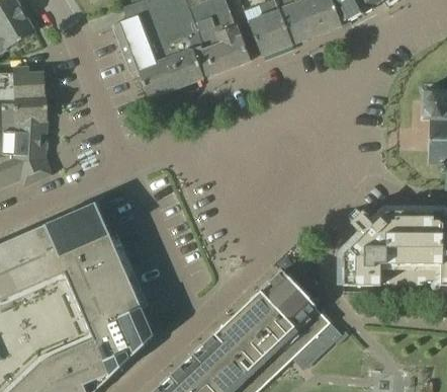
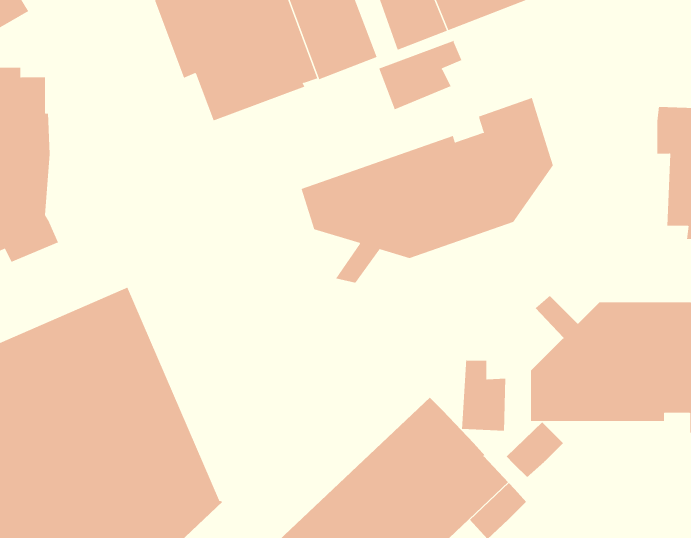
building: none -> [378,40,462,110]
building: none -> [301,97,553,284]
building: none -> [462,359,506,431]
building: none -> [506,422,564,478]

